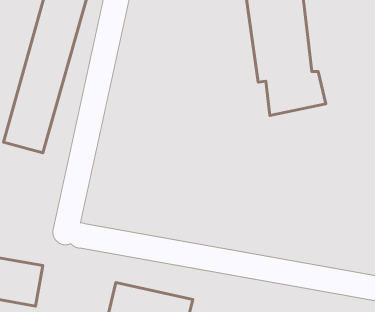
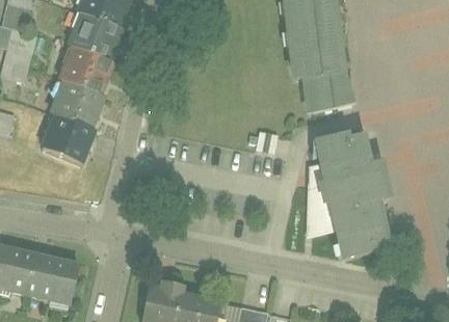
building: none -> [313,128,393,257]

